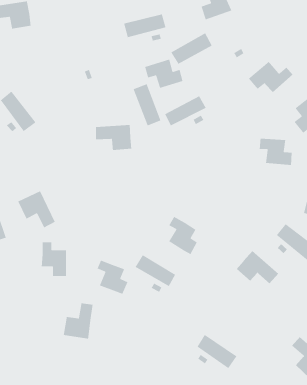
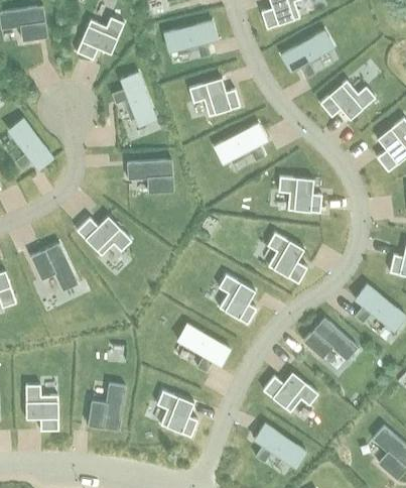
building: none -> [78,17,125,59]
building: [170,32,213,65] -> [281,30,334,72]
building: [133,83,161,126] -> [121,72,157,126]
building: [259,138,293,166] -> [279,177,321,213]
building: none -> [77,217,131,256]
building: none -> [268,234,307,284]
building: [41,241,67,277] -> [26,387,58,432]
building: [96,259,129,295] -> [157,392,197,437]
building: none -> [262,373,318,412]

